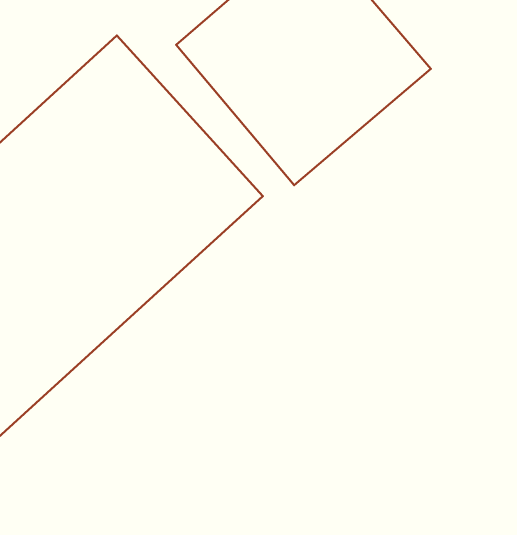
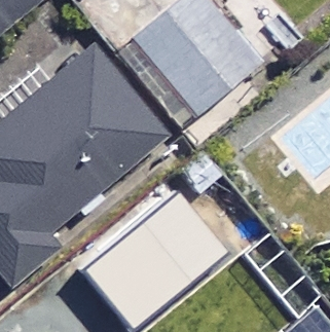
building: none -> [76,201,187,315]

